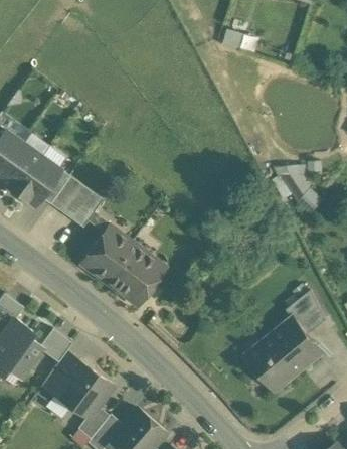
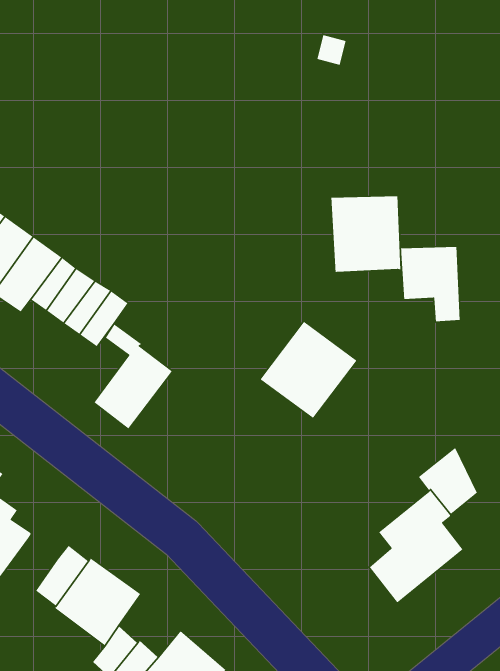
building: none -> [330,195,401,273]
building: [103,242,165,304] -> [259,321,357,419]
building: [39,328,71,361] -> none

